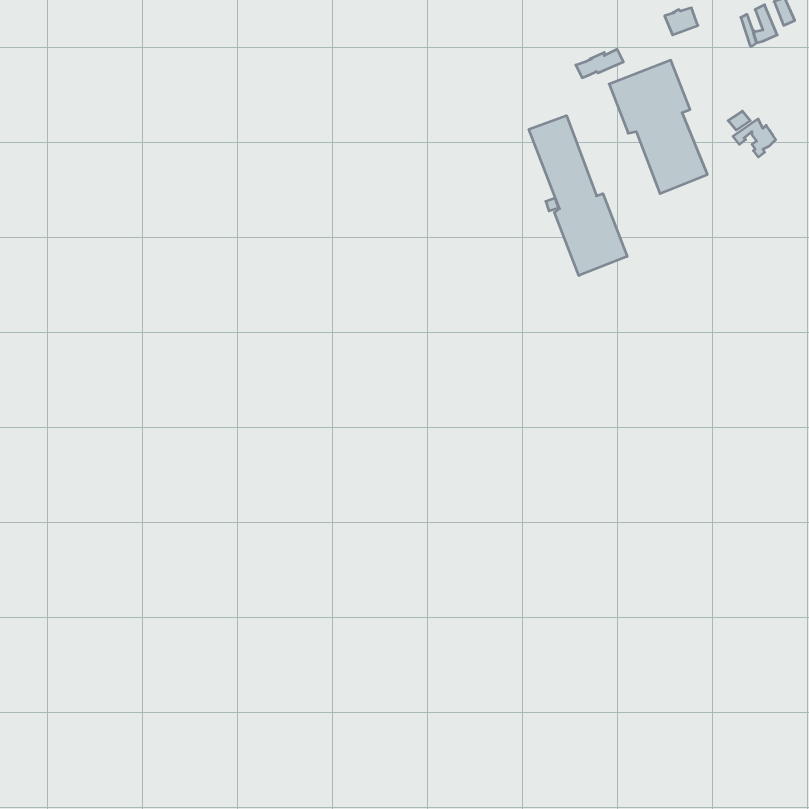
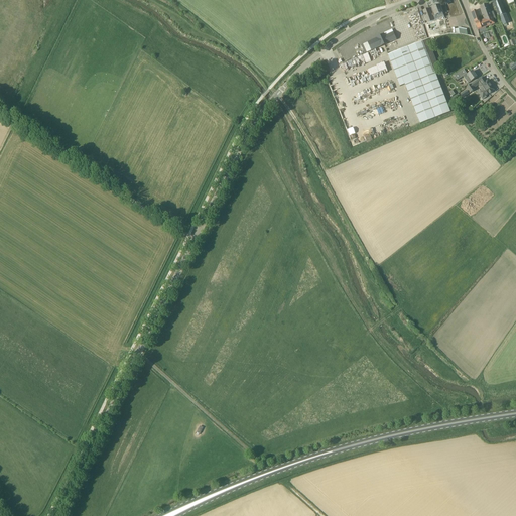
building: [529,116,627,276] -> none

